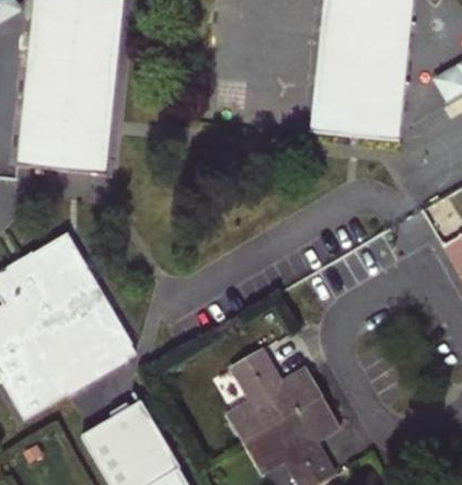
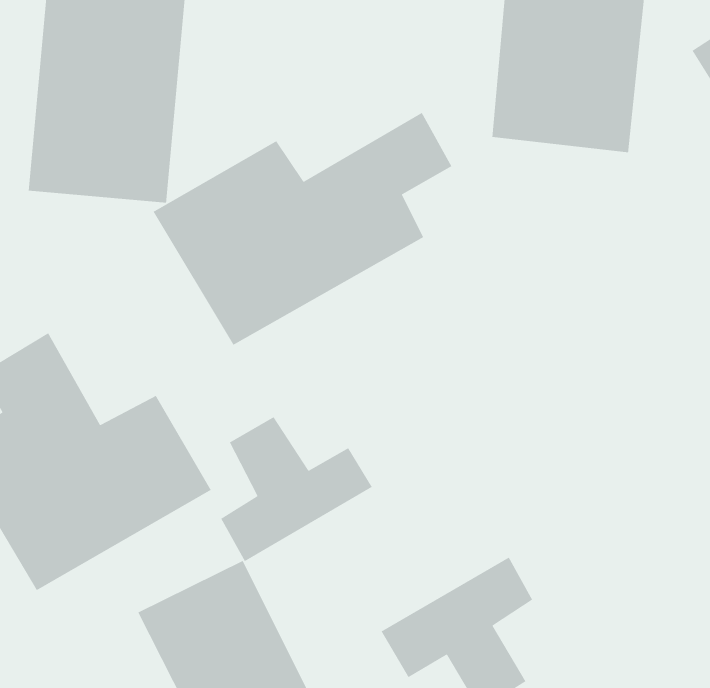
building: none -> [153,112,453,346]
building: [32,235,100,312] -> none
building: [226,350,322,442] -> [220,416,373,562]

